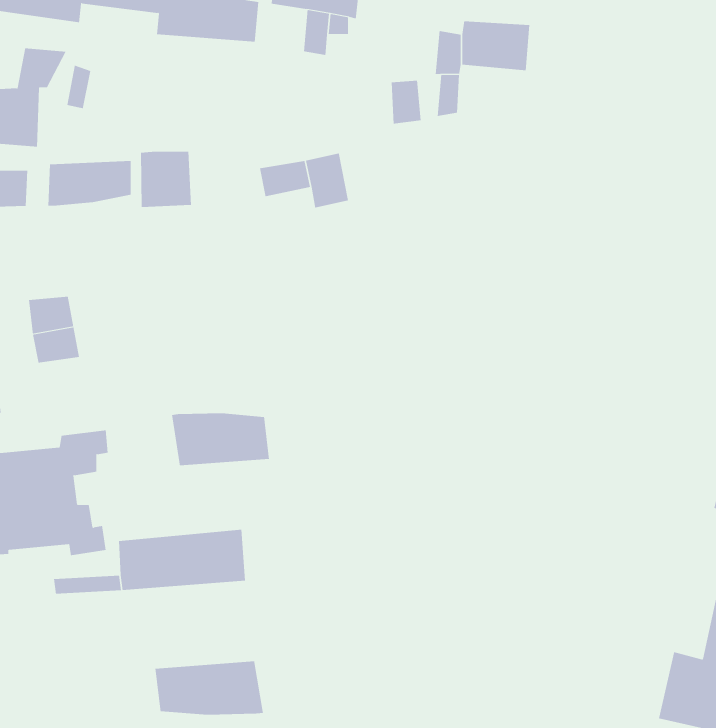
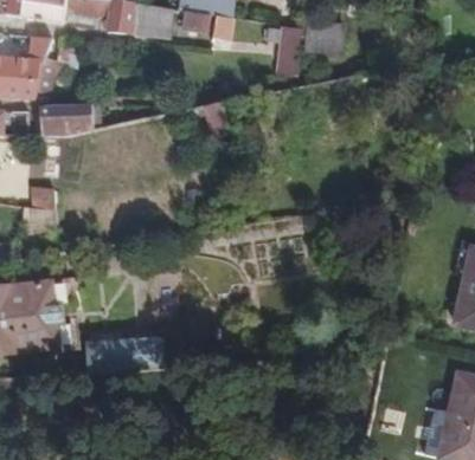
building: [141,151,192,208] -> none
building: [171,413,270,466] -> none
building: [155,660,263,716] -> none

